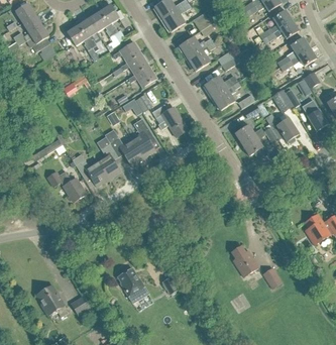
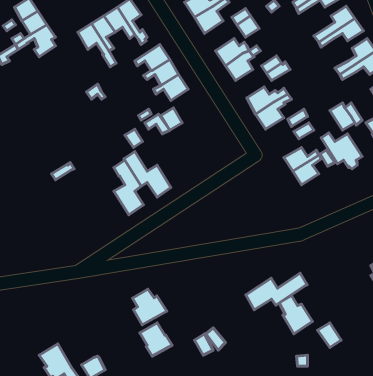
building: [152,104,189,137] -> none
building: [132,118,155,157] -> none
building: [73,154,109,187] -> none
building: [47,170,86,201] -> none
building: none -> [246,273,307,310]
building: none -> [132,289,167,325]

